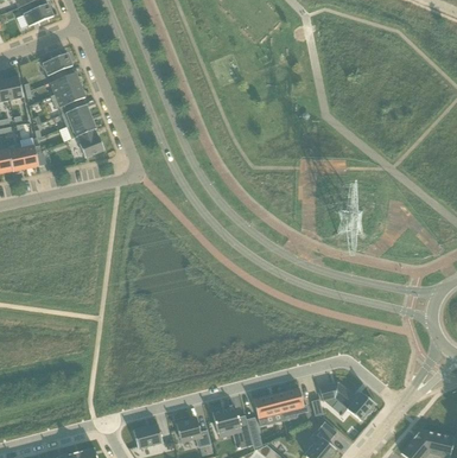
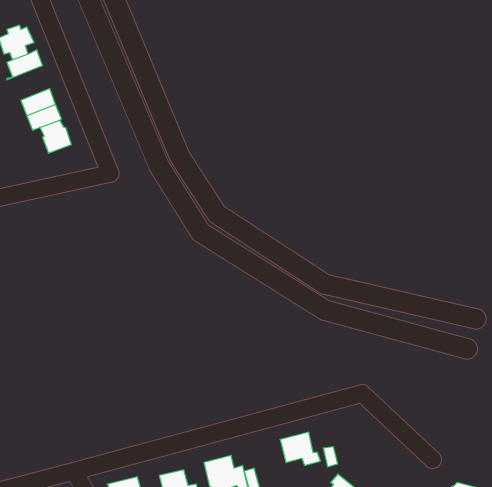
building: [50,84,84,113] -> none
building: [319,382,375,420] -> none
building: [253,393,280,425] -> none

